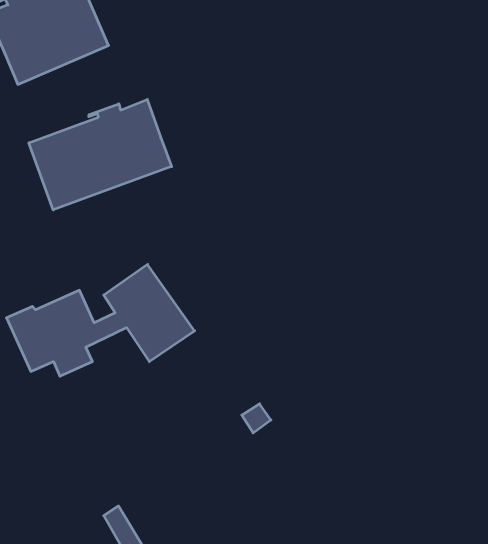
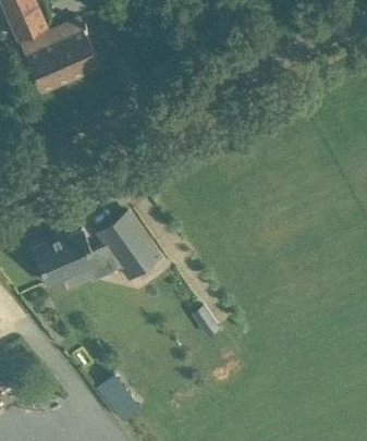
building: [29,99,172,210] -> none

